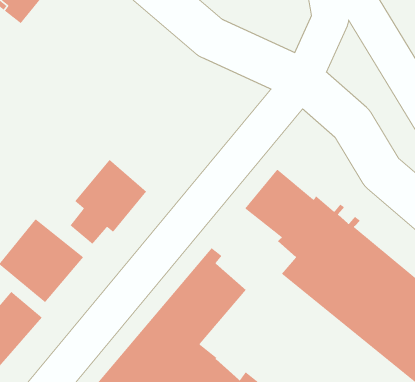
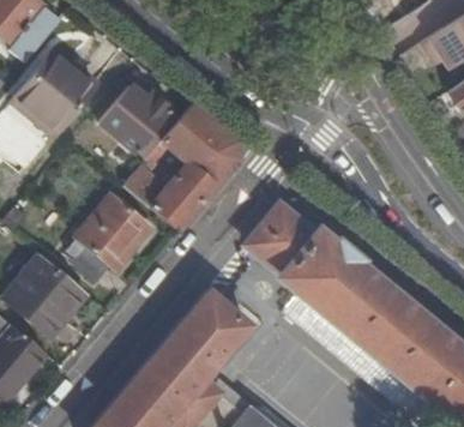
building: none -> [13,49,96,134]
building: none -> [103,83,174,151]
building: none -> [126,102,241,230]

